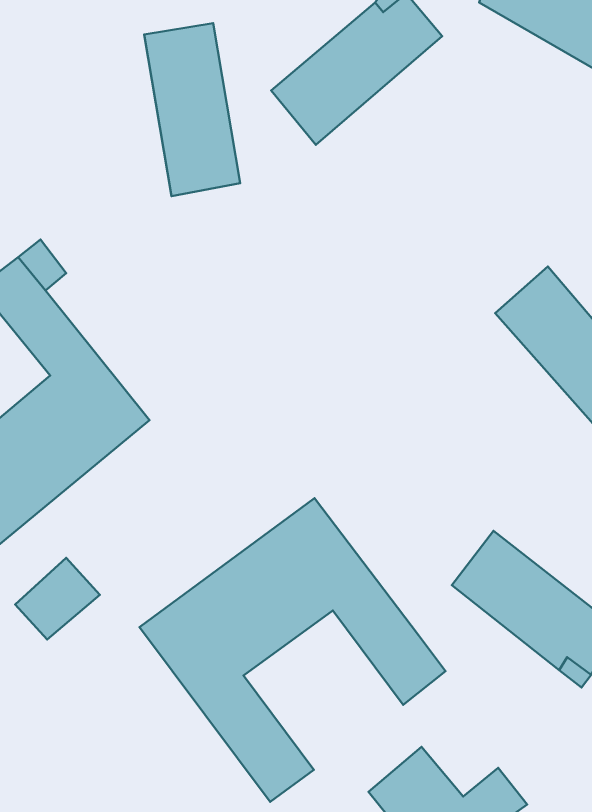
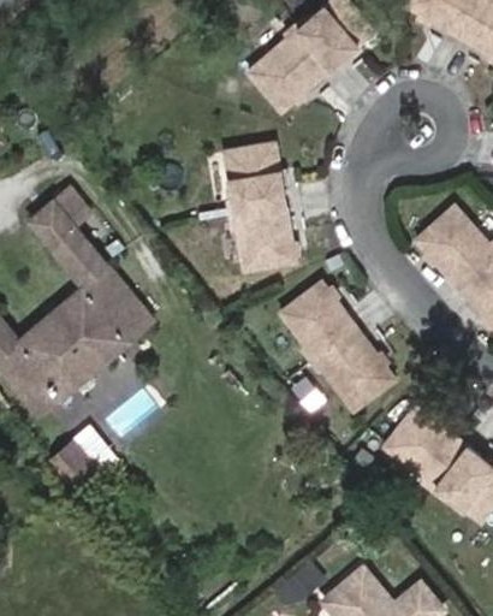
building: [144,23,240,196] -> [224,141,296,271]
building: none -> [279,280,397,410]
building: [140,498,446,802] -> none

